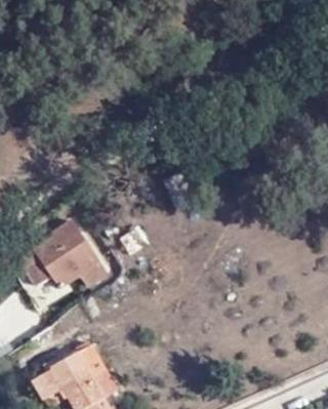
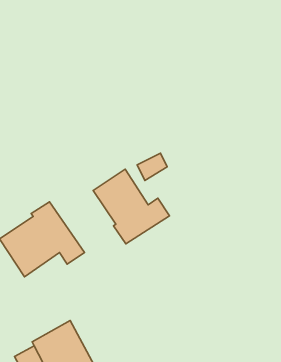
building: none -> [93,169,170,244]

